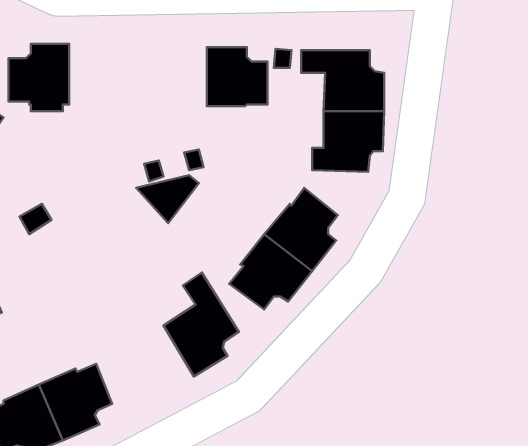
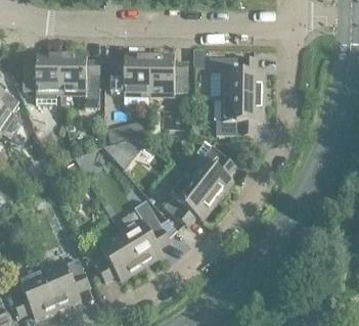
building: none -> [60,53,99,107]
building: none -> [109,54,148,93]
building: none -> [88,233,140,279]

